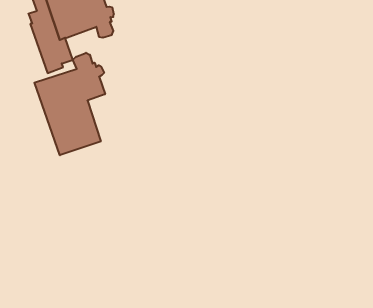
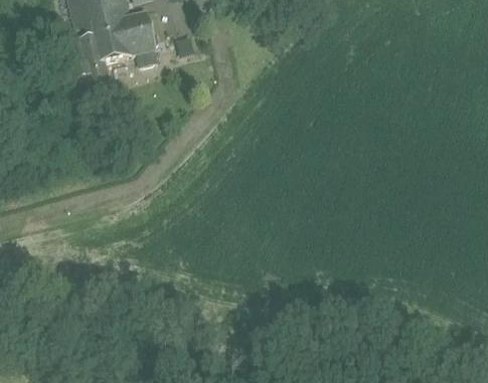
building: [34,53,105,155] -> none

